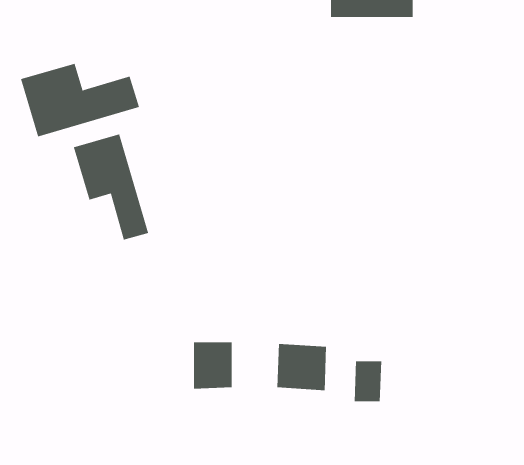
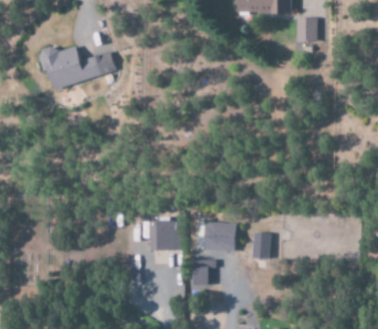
building: none -> [297,17,317,41]
building: [73,134,149,240] -> none
building: none -> [192,259,216,285]

